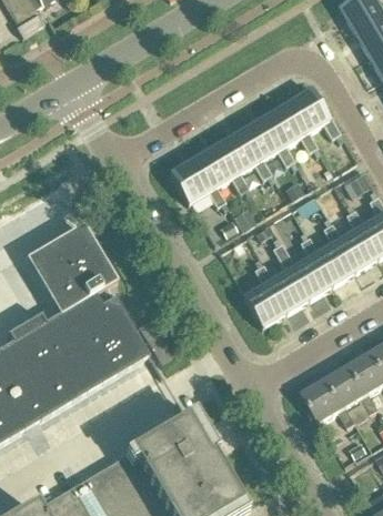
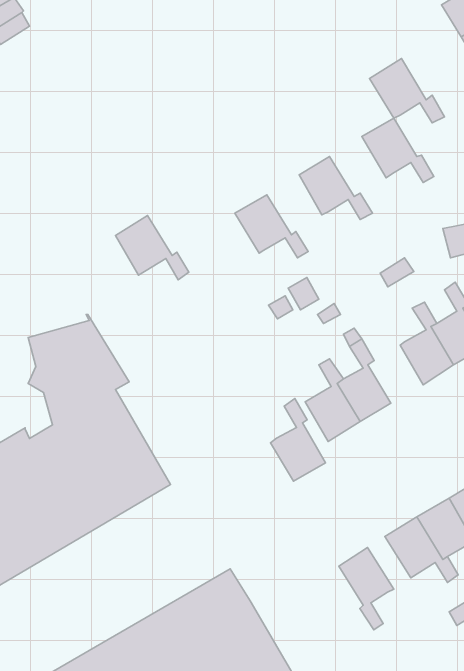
building: [263,104,318,151] -> [369,58,444,123]
building: [218,132,271,179] -> none
building: [171,160,224,206] -> [115,216,189,280]
building: [291,237,331,297] -> [270,398,326,481]
building: none -> [339,547,394,630]

